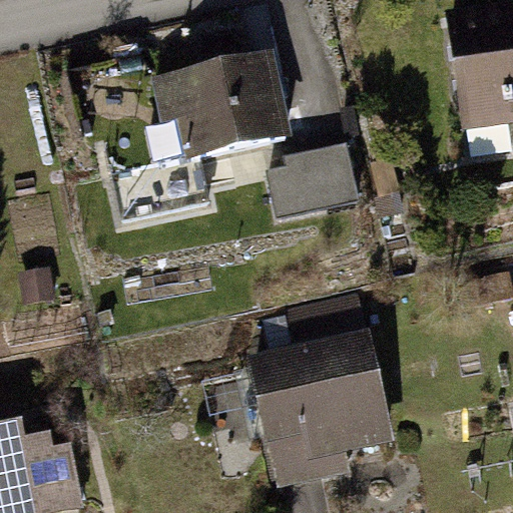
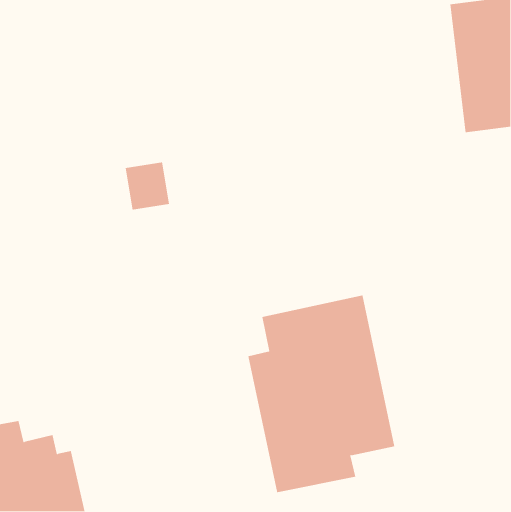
building: [156,50,287,155] -> none
building: [264,141,363,222] -> none

